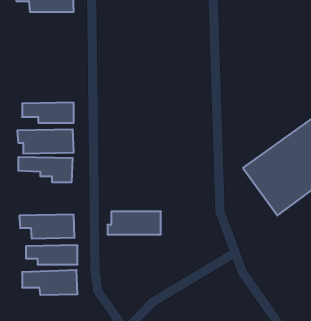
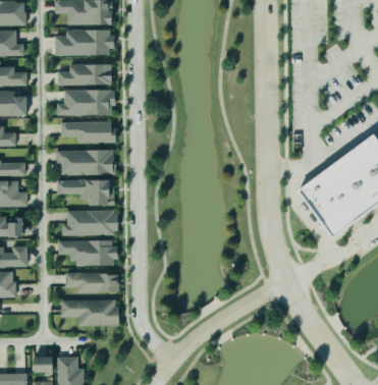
building: none -> [54,29,112,55]
building: none -> [57,63,112,86]
building: none -> [56,90,116,115]
building: [107,211,161,234] -> [62,211,119,235]

